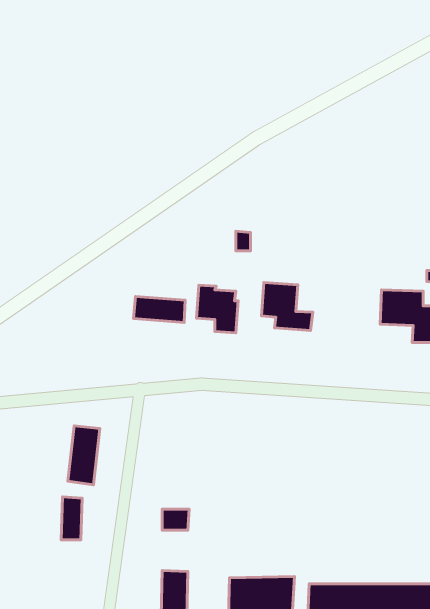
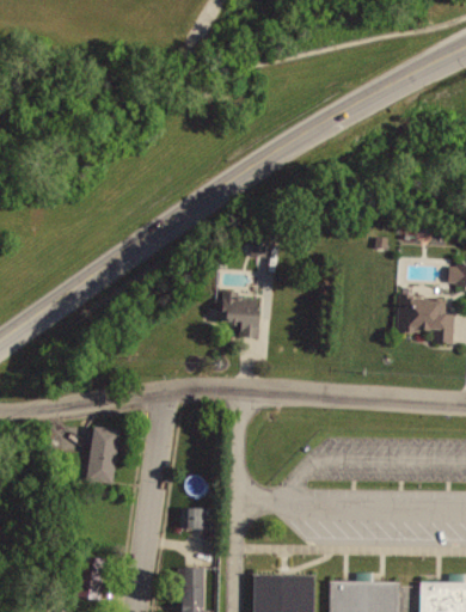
building: [261,283,313,331] -> none
building: [133,296,185,322] -> none
building: [61,497,82,540] -> [88,558,109,600]

